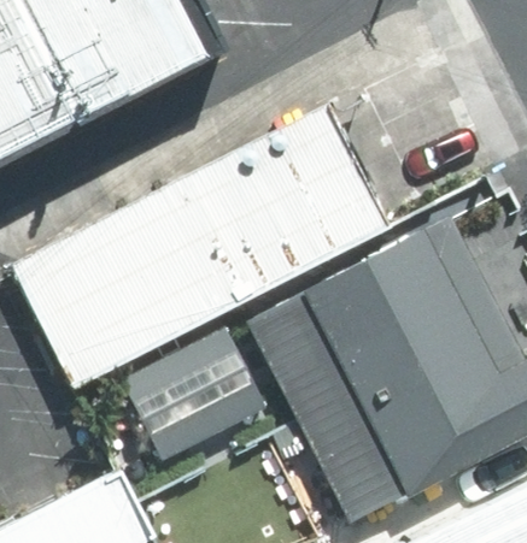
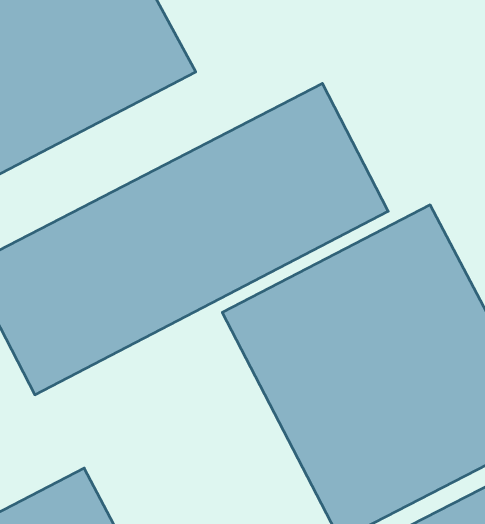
building: [128,323,269,455] -> none

